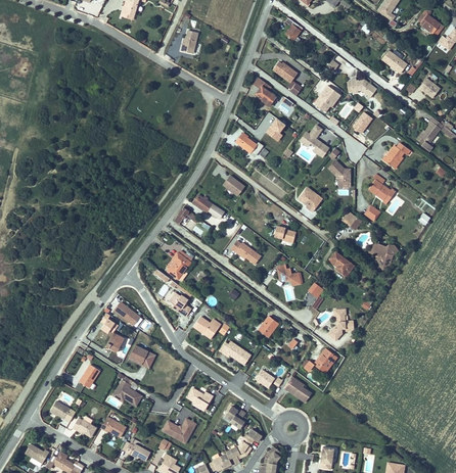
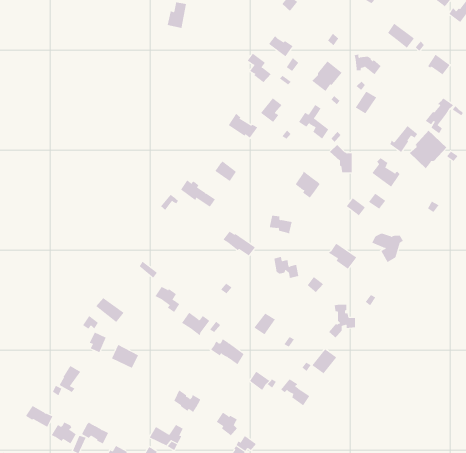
building: none -> [409,130,447,169]
building: [168,249,192,279] -> none
building: [113,376,142,405] -> none

